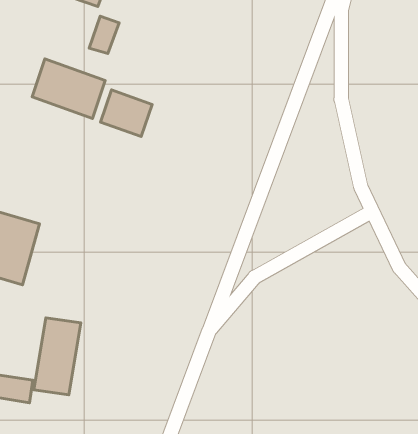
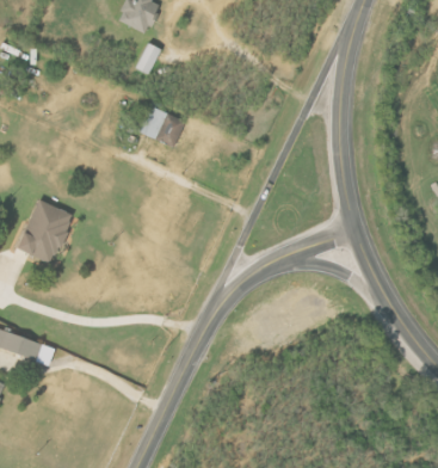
building: [32,59,105,118] -> none
building: [34,318,81,395] -> none

